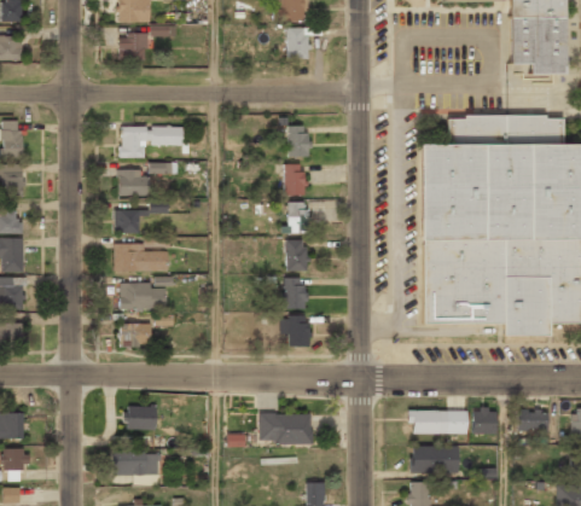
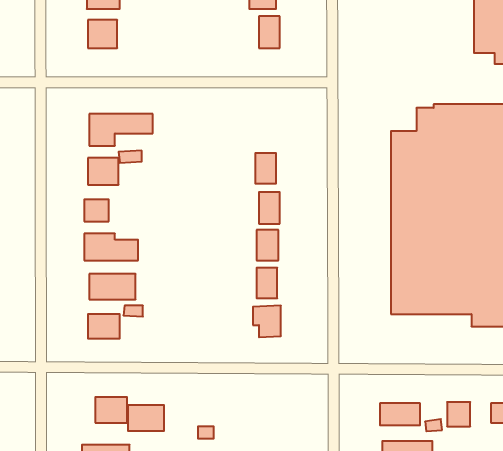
building: [289,127,309,156] -> none
building: none -> [128,405,164,431]
building: [260,415,313,444] -> none

